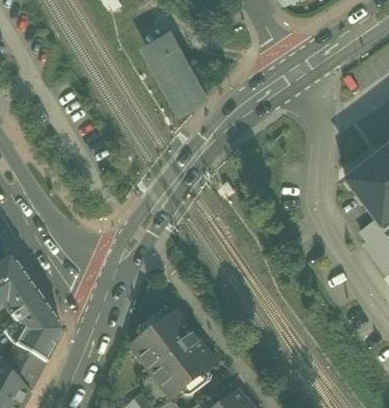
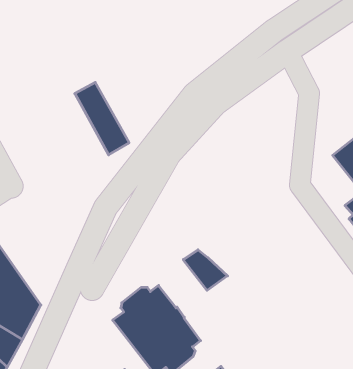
building: [150,40,203,111] -> [75,82,129,155]
building: none -> [183,250,228,290]

